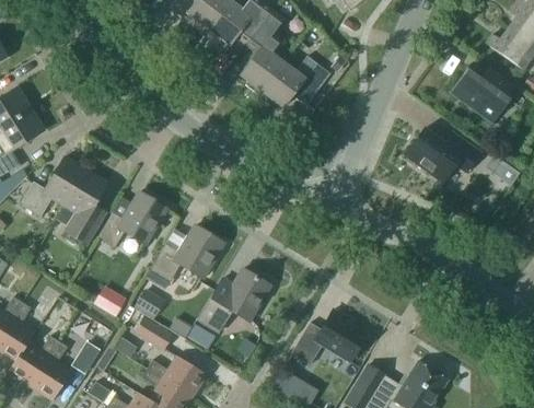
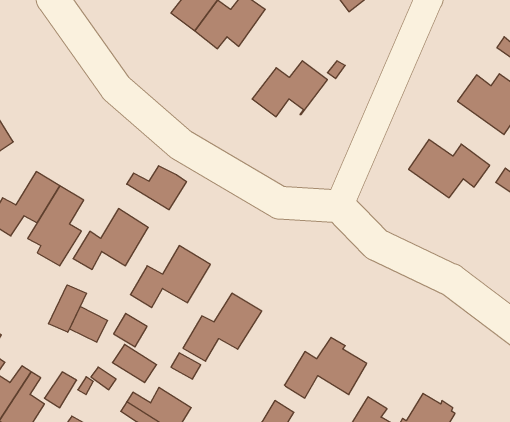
building: [241,9,285,92] -> none
building: none -> [127,166,186,210]
building: none -> [49,285,86,332]

